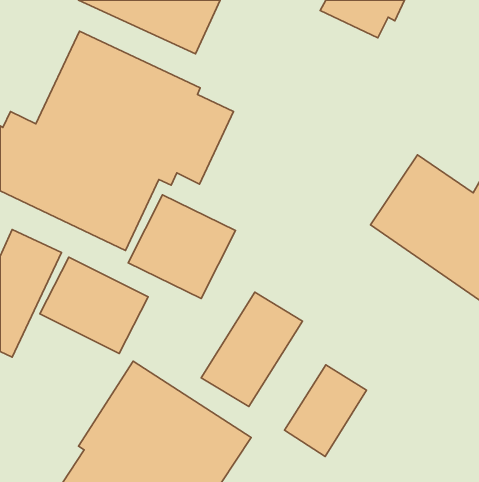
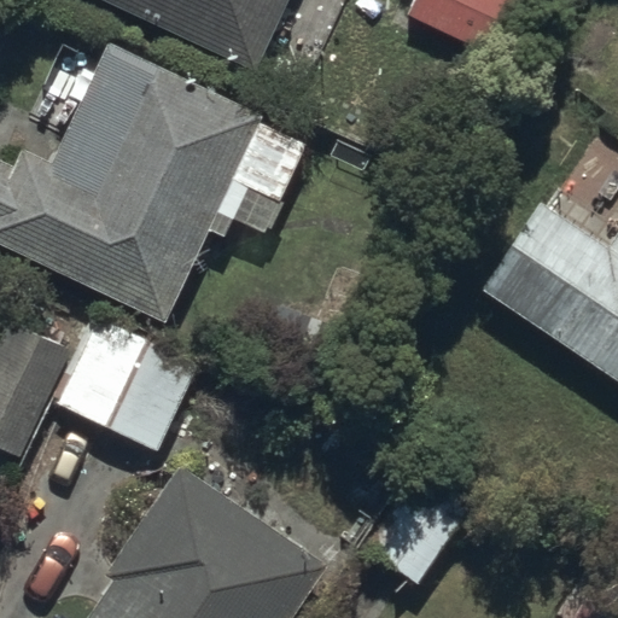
building: [128,195,235,299] -> none
building: [201,292,302,407] -> none

